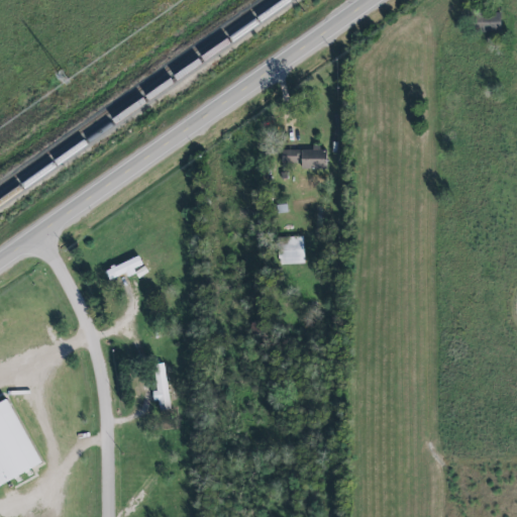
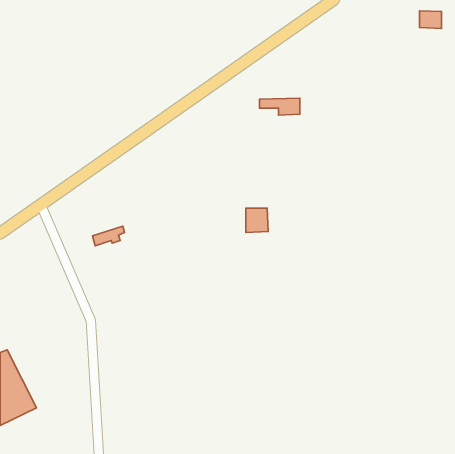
building: [281,149,326,169] -> [260,98,300,115]
building: [152,363,169,410] -> none

